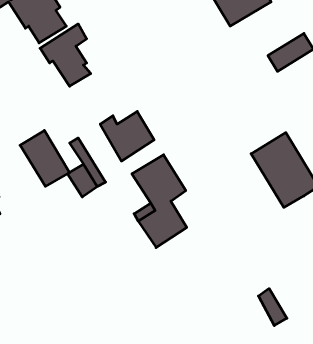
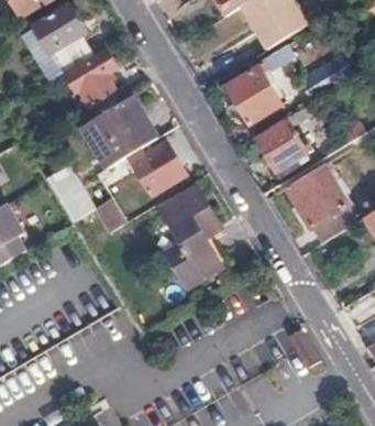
building: none -> [227,40,305,125]
building: none -> [81,94,153,168]
building: none -> [257,105,316,171]

